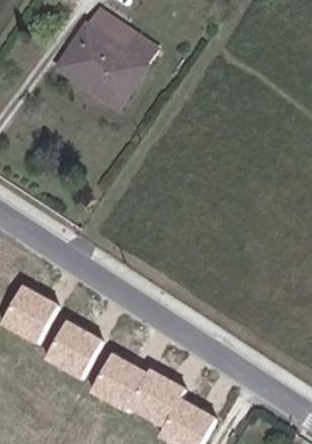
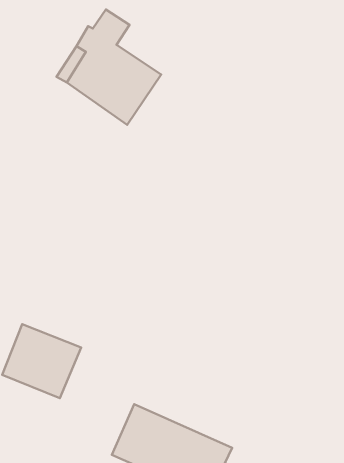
building: [105,26,155,69] -> none
building: [53,319,121,385] -> none

